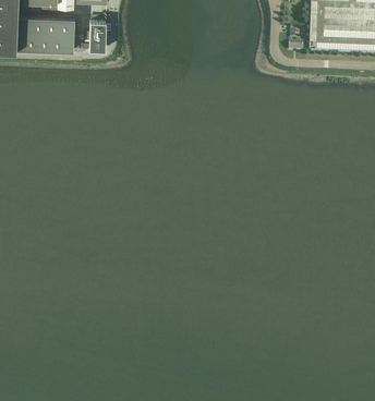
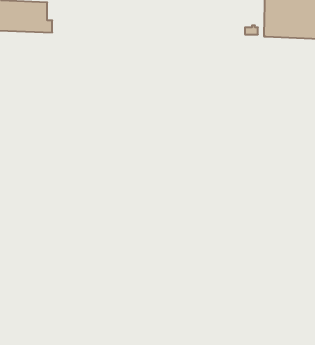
building: [87,19,105,48] -> none

